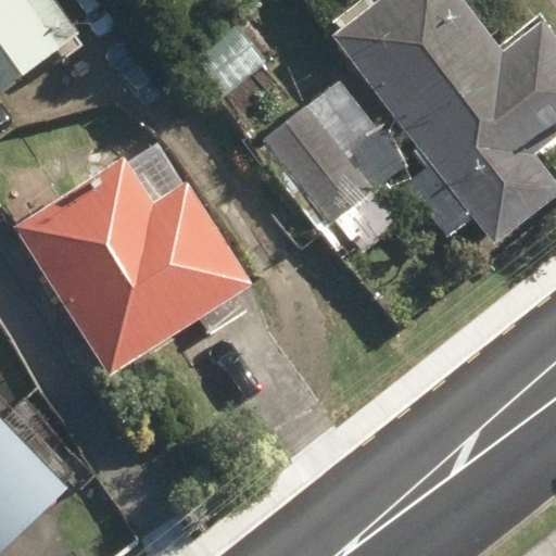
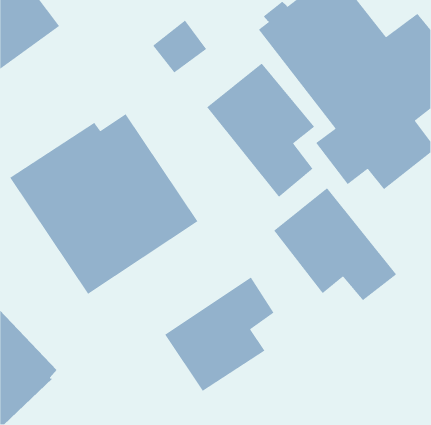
building: none -> [273,187,397,301]
building: none -> [164,277,275,392]

